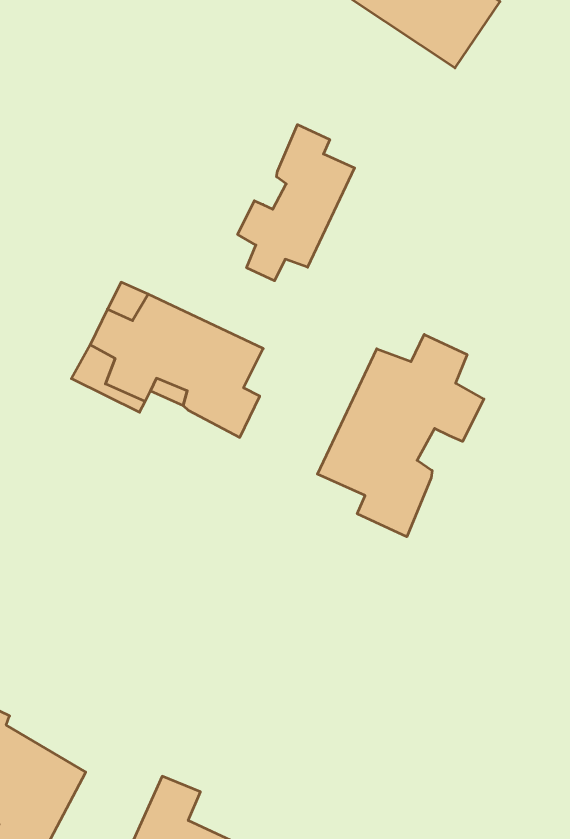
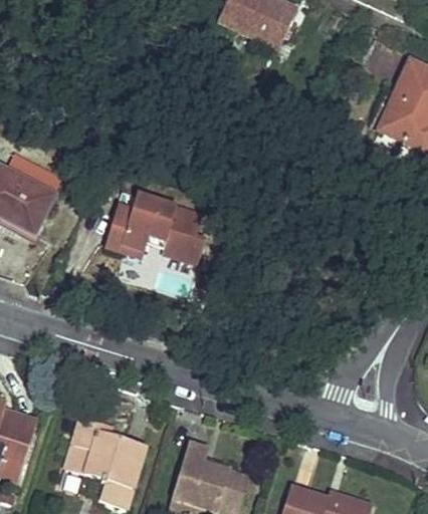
building: [238,125,355,281] -> none
building: [317,334,484,537] -> none

